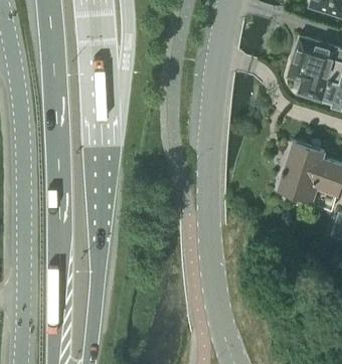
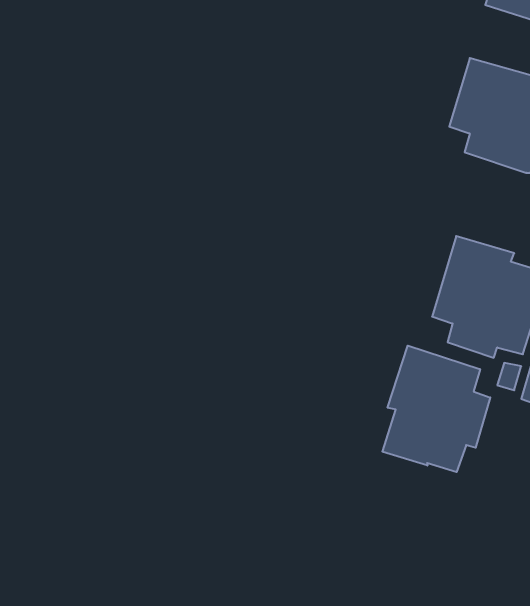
building: none -> [382,346,490,472]

